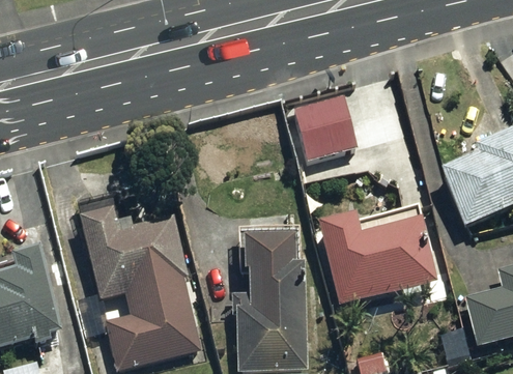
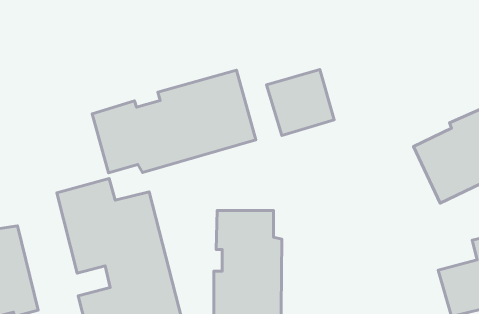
building: none -> [92,70,256,173]
building: [316,211,435,306] -> none

